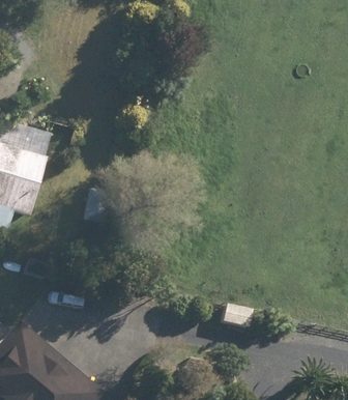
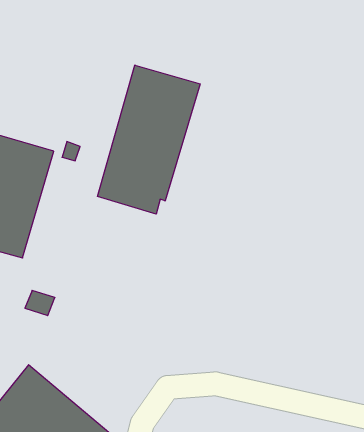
building: none -> [98,65,200,214]

